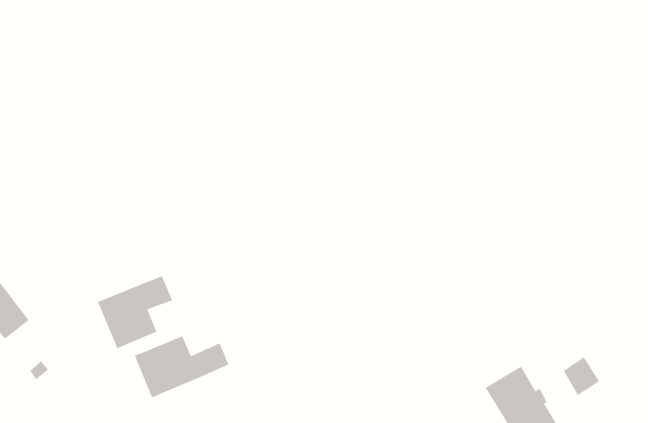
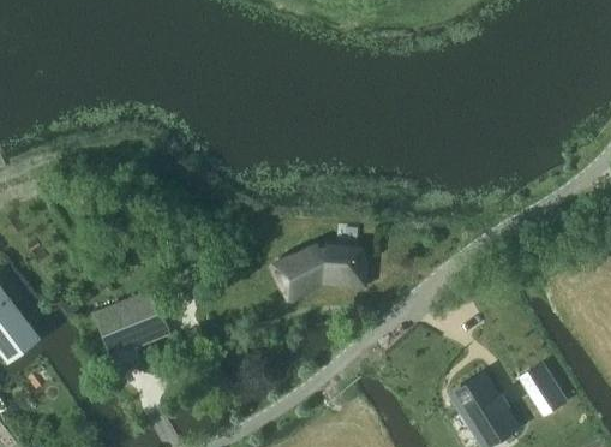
building: none -> [275,246,366,297]
building: [134,335,229,398] -> none

